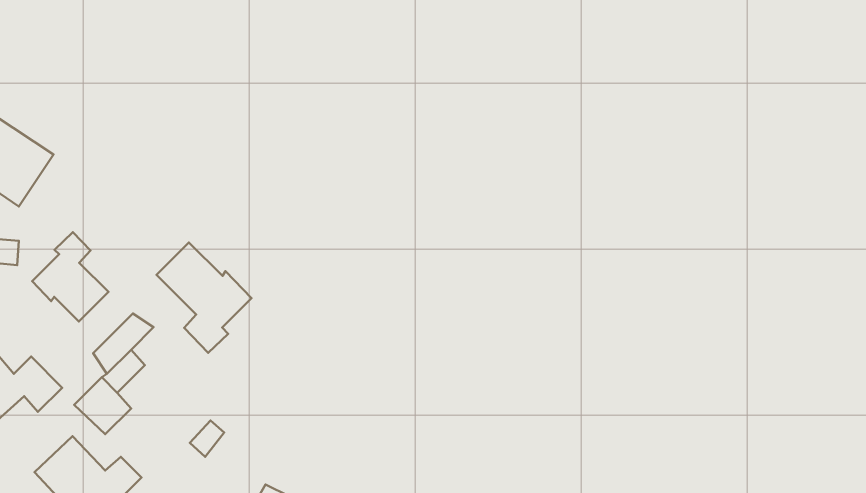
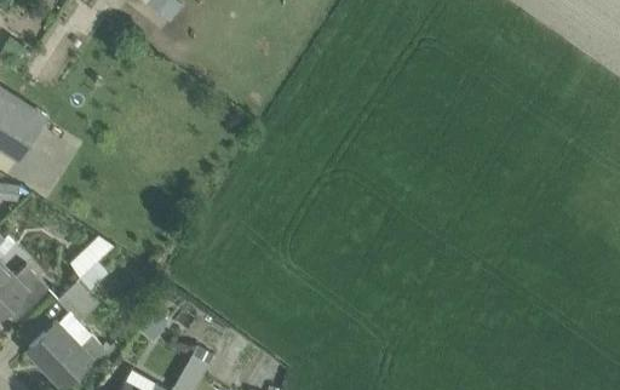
building: [32,232,108,321] -> none
building: [157,243,251,353] -> none

